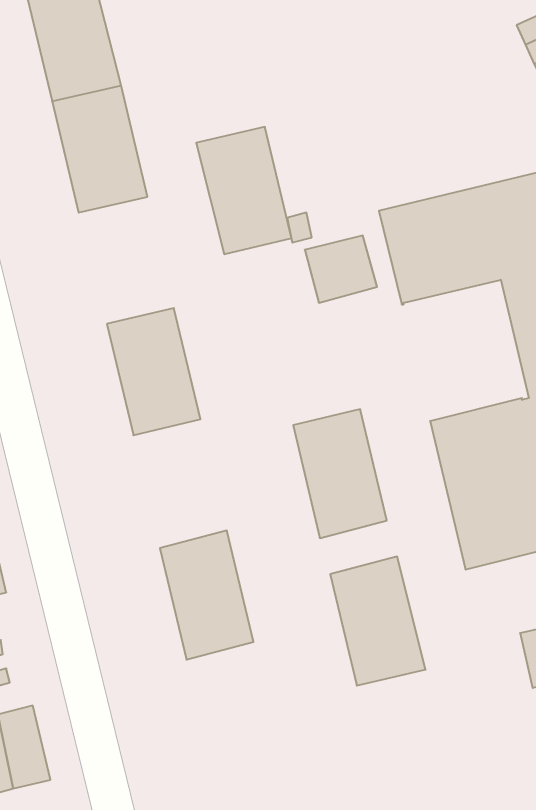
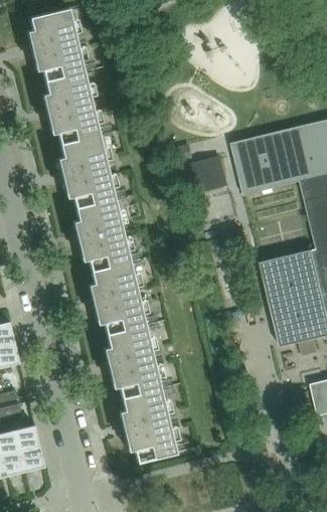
building: [196,127,291,254] -> [57,135,112,207]
building: [293,409,387,538] -> [89,262,142,335]
building: [330,557,426,686] -> [119,388,173,462]

